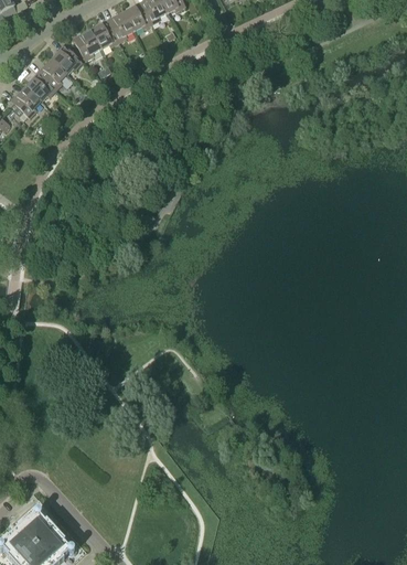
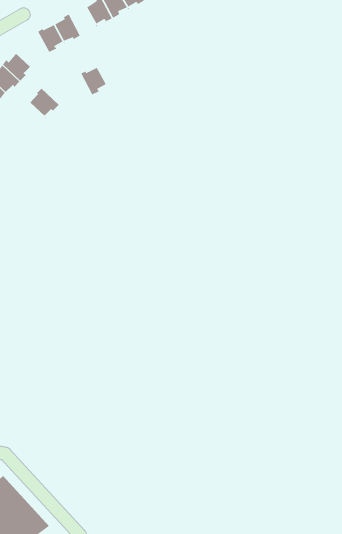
building: [106,12,133,42] -> [80,67,107,96]
building: [51,44,82,76] -> [30,88,59,119]

